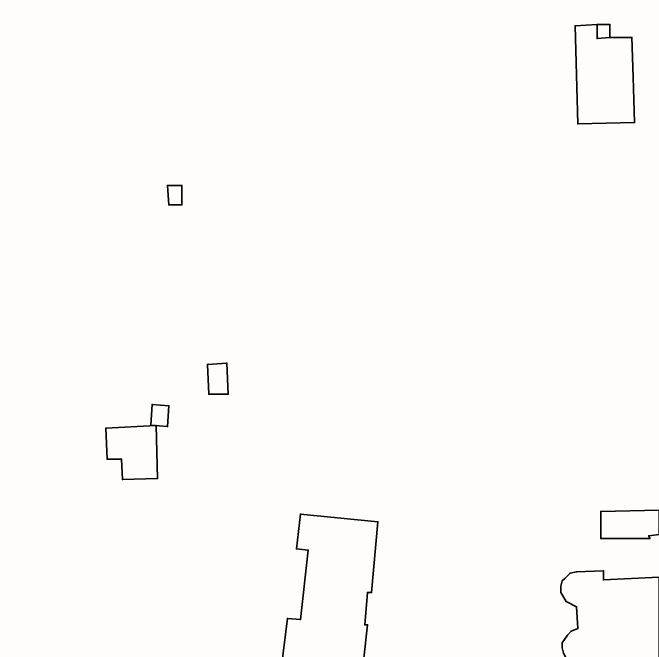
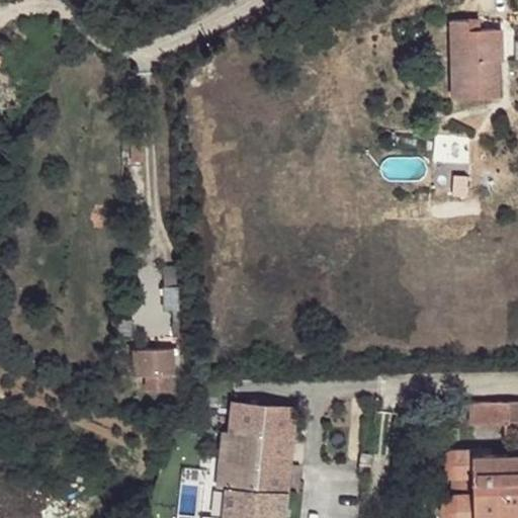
building: [106,426,157,480] -> [134,349,174,392]
building: none -> [208,430,242,488]

